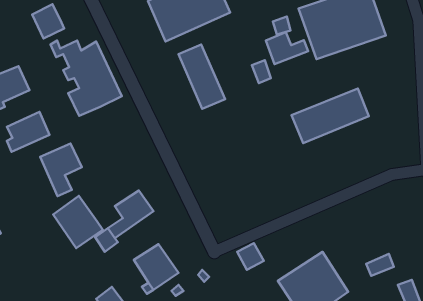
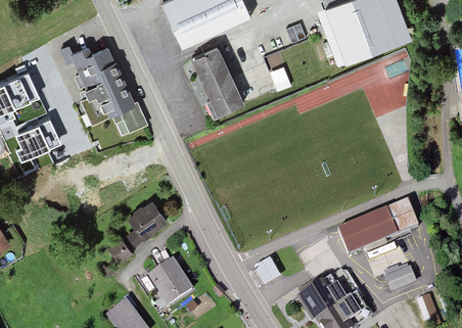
building: [32,4,64,38] -> none
building: [266,32,308,64] -> none
building: [291,88,369,143] -> [338,197,418,253]
building: none -> [113,102,148,134]
building: [40,144,82,196] -> none
building: [53,196,103,248] -> none

